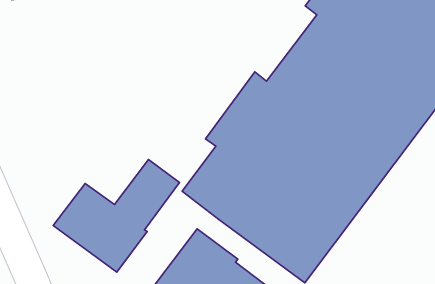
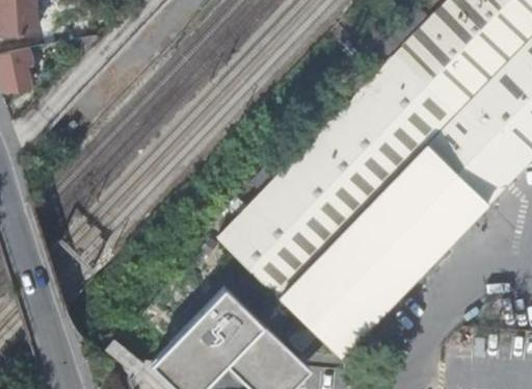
building: [53,159,180,272] -> none

